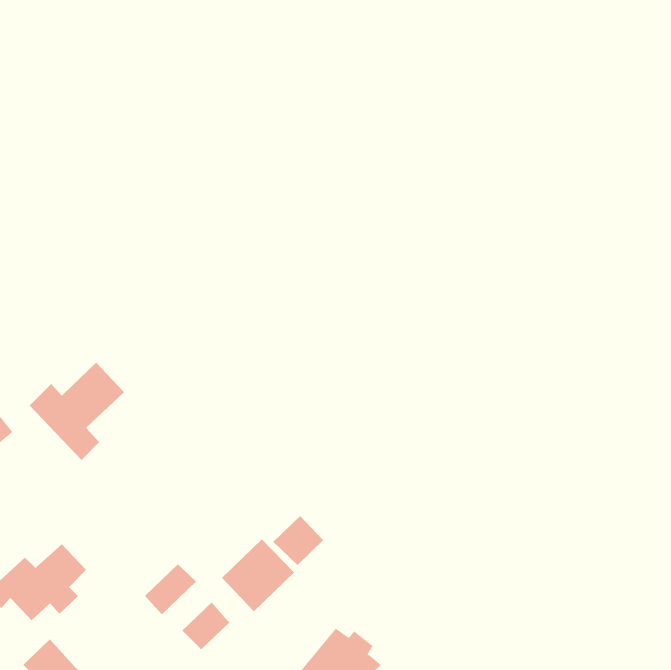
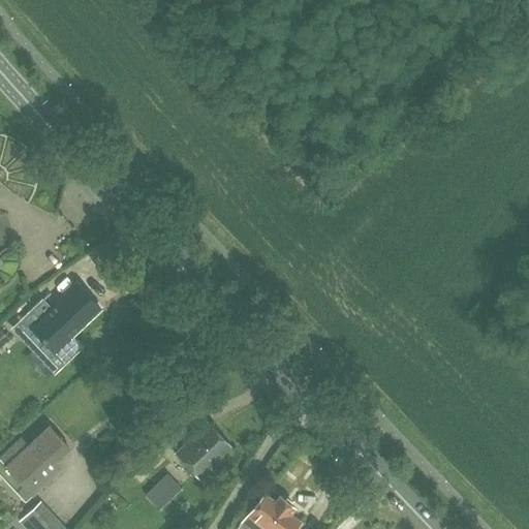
building: [273,515,324,566] -> none
building: [144,564,197,615] -> none

